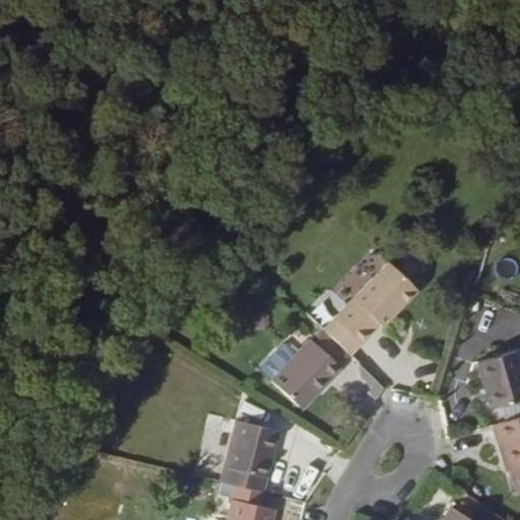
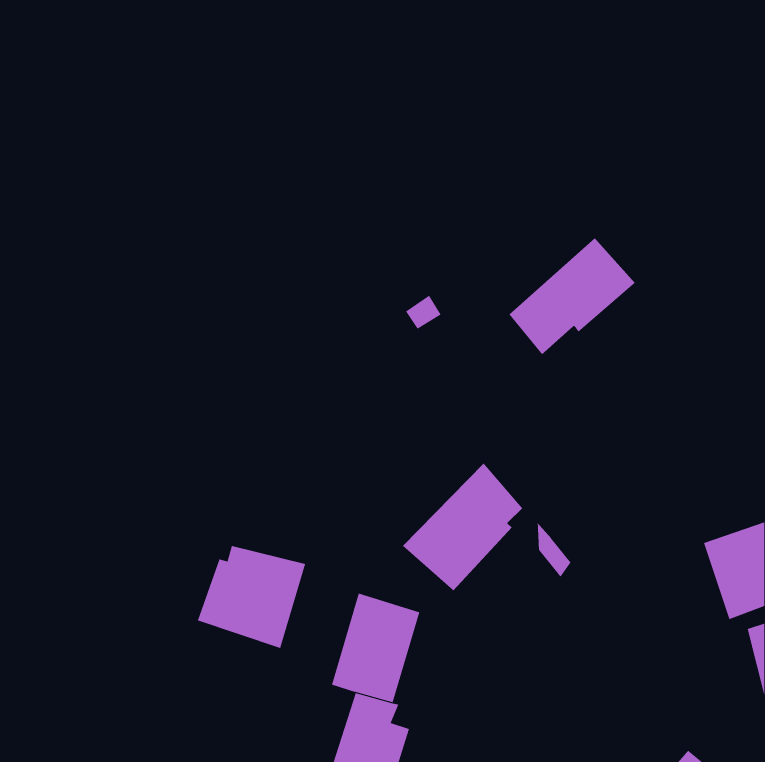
building: [341,260,427,339] -> [509,237,636,355]
building: none -> [197,545,306,649]

